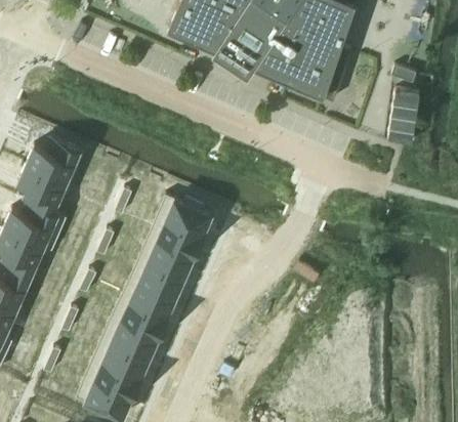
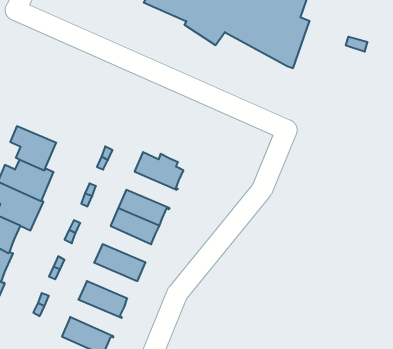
building: [386,93,417,145] -> none
building: [24,140,82,187] -> none
building: [145,219,202,260] -> none
building: [119,280,173,321] -> none
building: [101,321,158,361] -> none
building: [83,362,140,403] -> none

